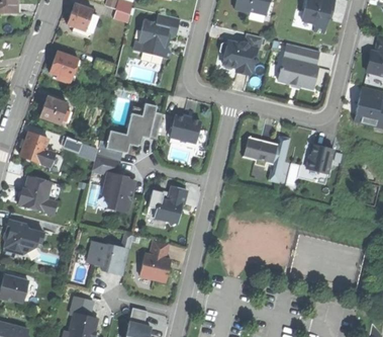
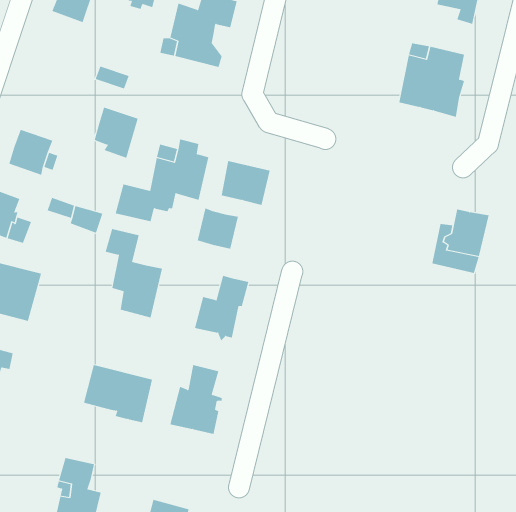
building: [218,33,262,74] -> none
building: [51,52,78,83] -> [94,107,138,158]
building: [245,136,290,183] -> none
building: none -> [197,208,238,249]

